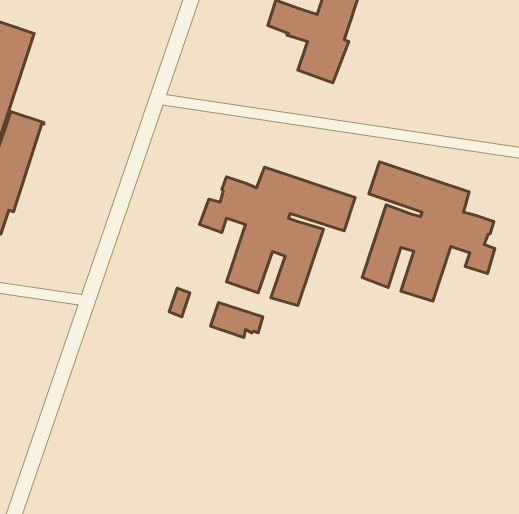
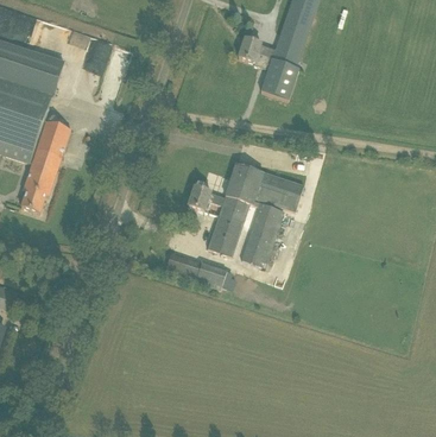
building: [362,162,495,301] -> none

